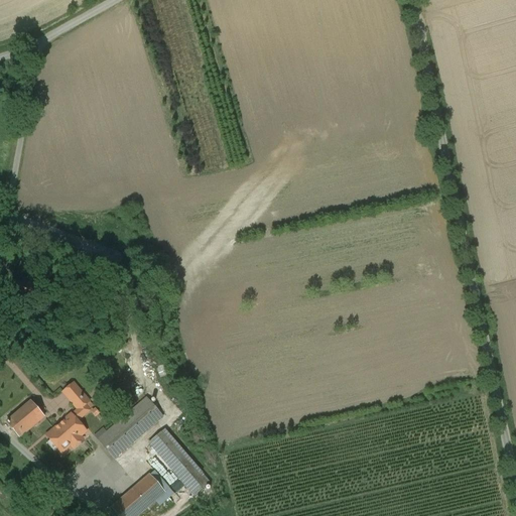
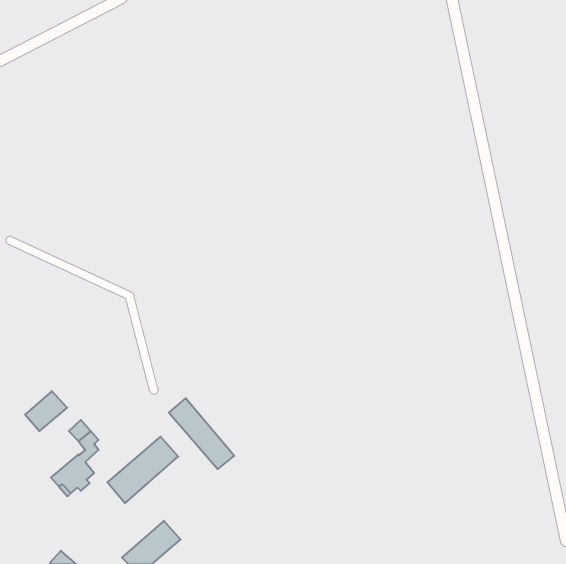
building: [6,400,44,436] -> [25,391,67,431]
building: [149,429,209,494] -> [169,398,234,469]

